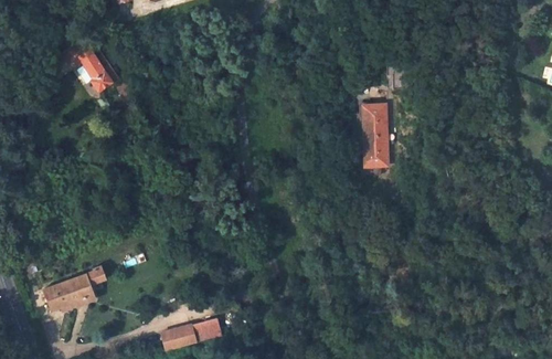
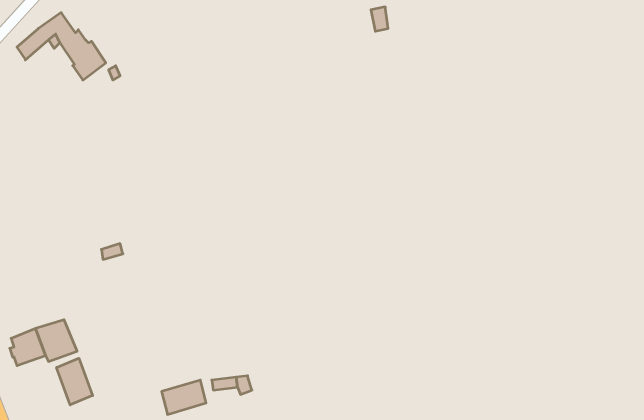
building: [364,105,388,166] -> none
building: none -> [57,358,93,405]

